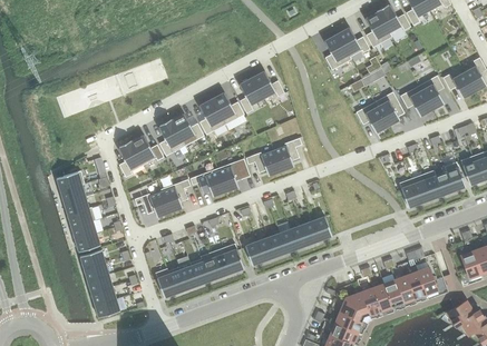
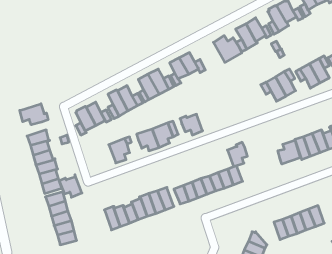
building: none -> [213,36,242,62]
building: none -> [20,104,48,125]
building: [273,140,299,171] -> [227,142,247,167]
building: none -> [278,140,300,164]
building: [140,189,169,218] -> [59,175,82,197]
building: [348,288,380,317] -> none

